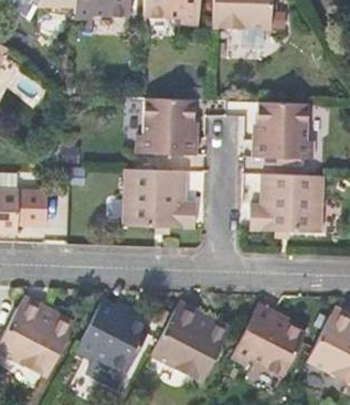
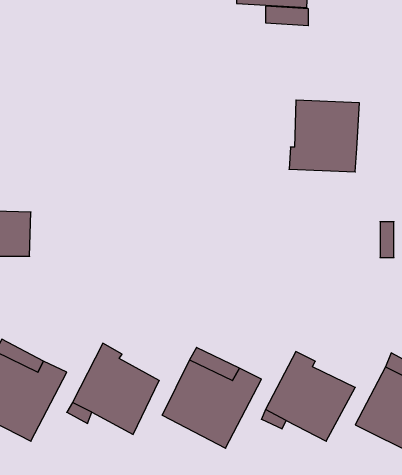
building: [141,98,198,154] -> none
building: [124,169,194,227] -> none
building: [251,174,324,232] -> none

